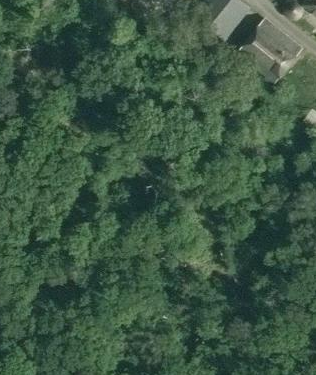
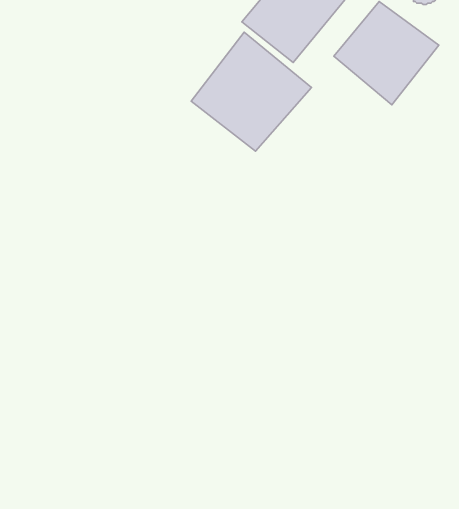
building: none -> [191,32,311,151]

